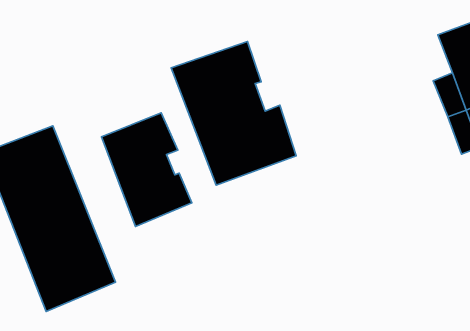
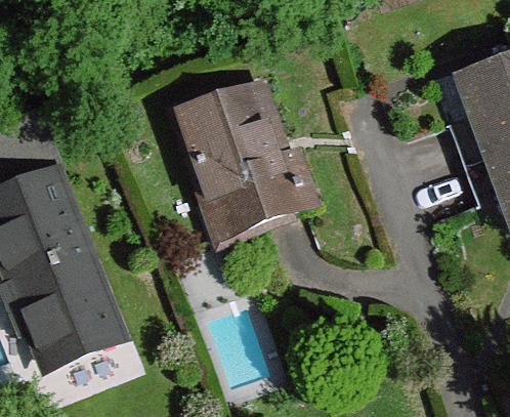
building: [101,113,192,226] -> none

